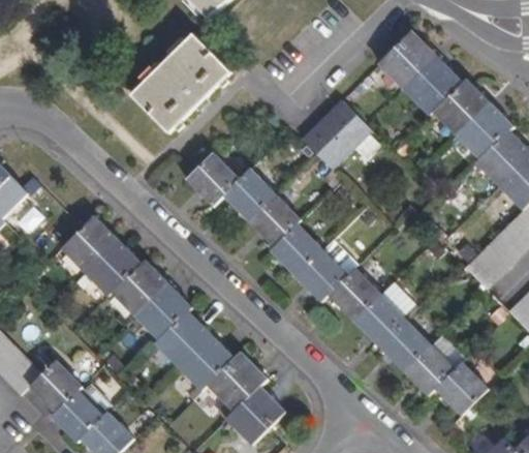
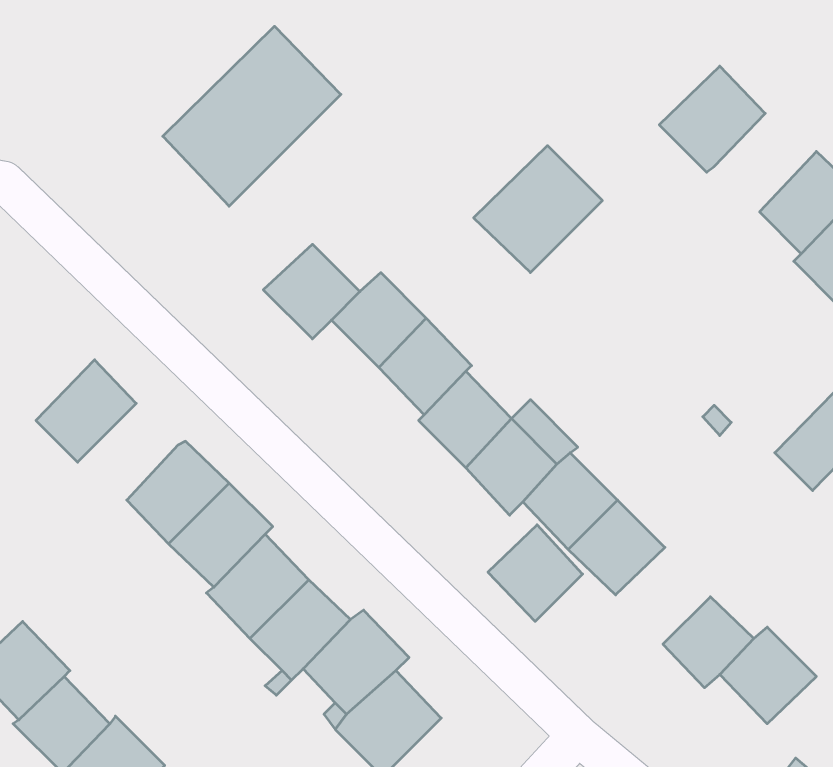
building: [378,31,436,88] -> none
building: [433,79,489,135] -> none
building: [86,240,141,295] -> none
building: [379,319,431,371] -> [488,525,583,621]

